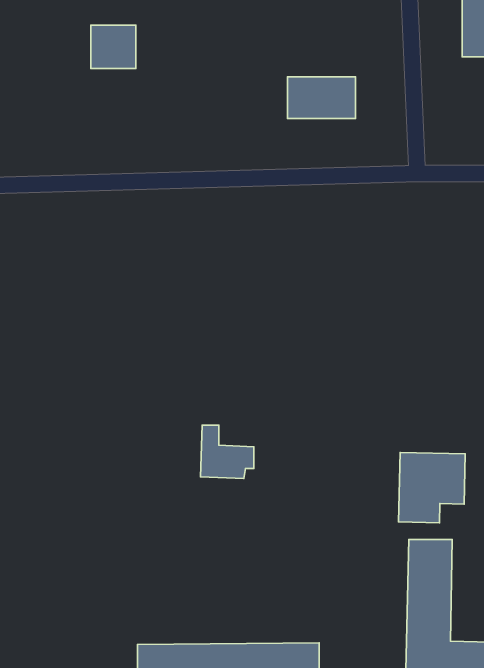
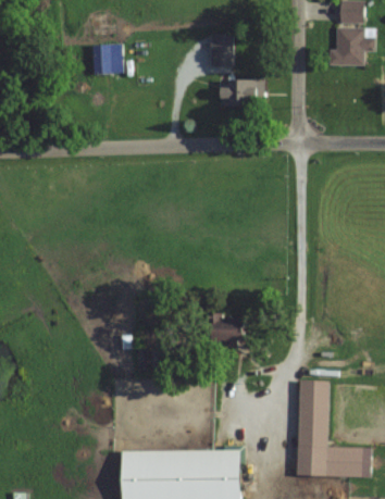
building: none -> [211,35,233,65]
building: [201,425,254,478] -> [212,314,247,349]
building: [398,452,465,523] -> none

